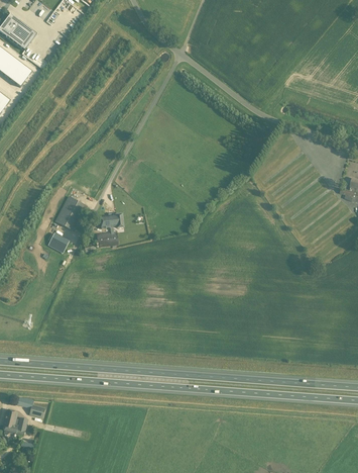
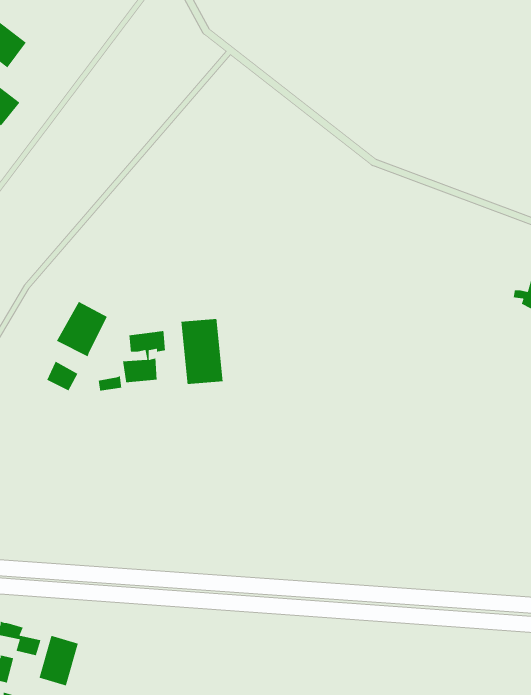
building: none -> [181,318,224,385]
building: none -> [38,635,79,686]

